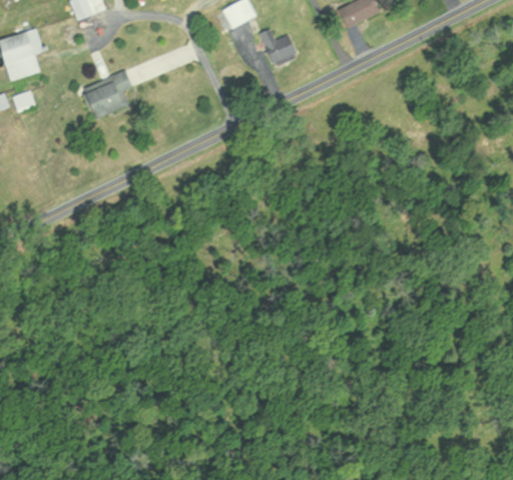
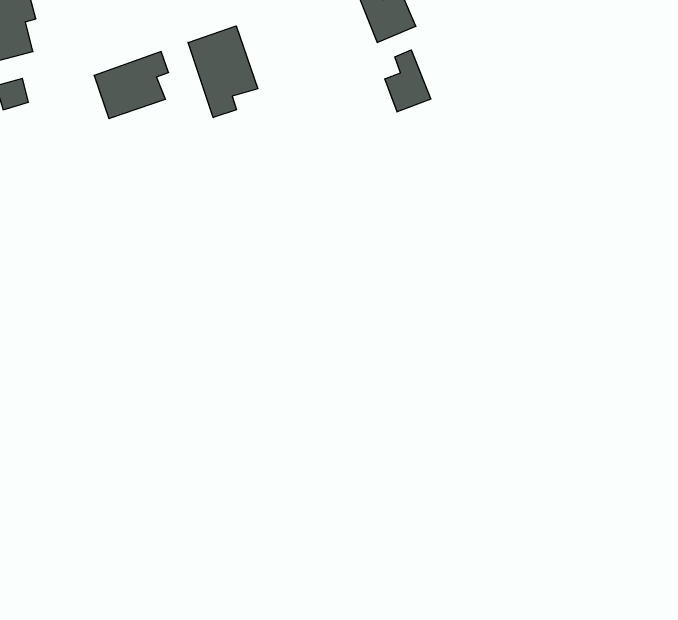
building: none -> [188,26,258,118]
building: none -> [385,50,431,112]

